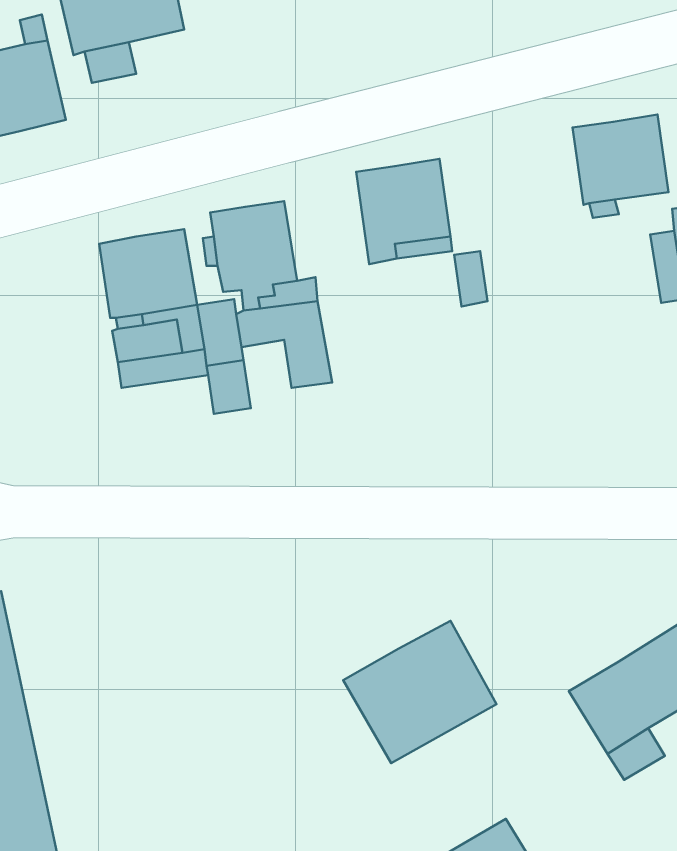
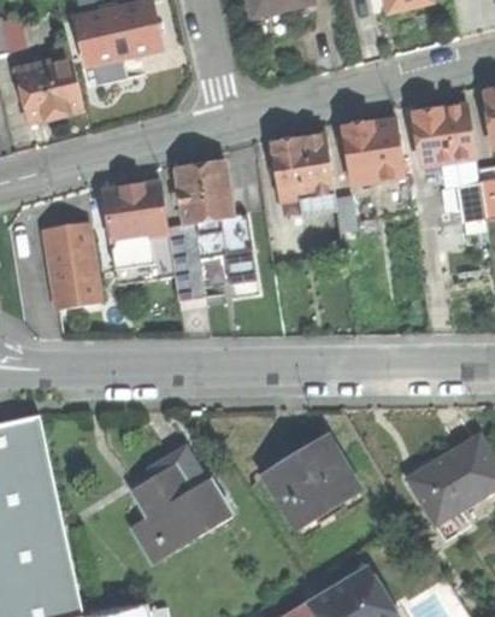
building: none -> [341,117,403,182]
building: none -> [46,219,100,306]
building: none -> [131,445,232,562]

